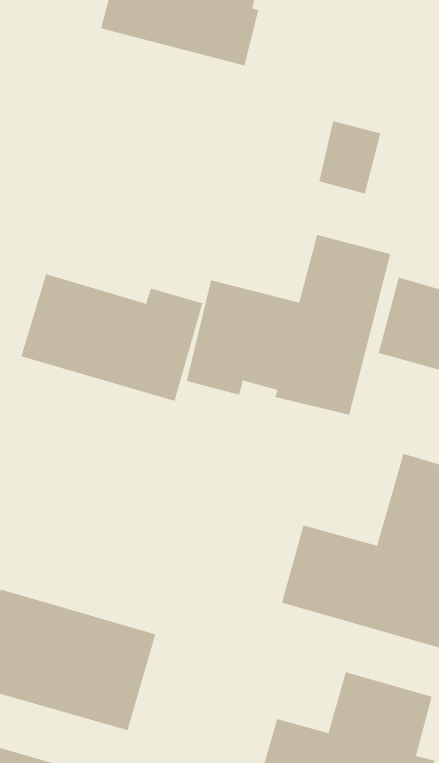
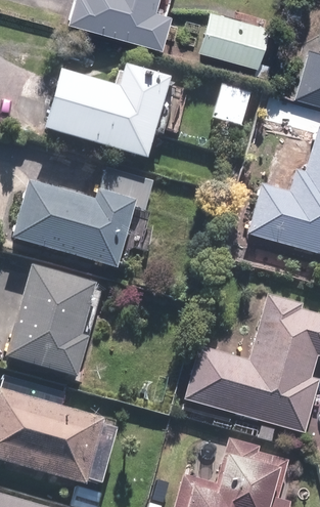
building: none -> [198,11,269,67]
building: none -> [46,68,169,157]
building: [186,234,391,416] -> none
building: none -> [8,265,95,374]

